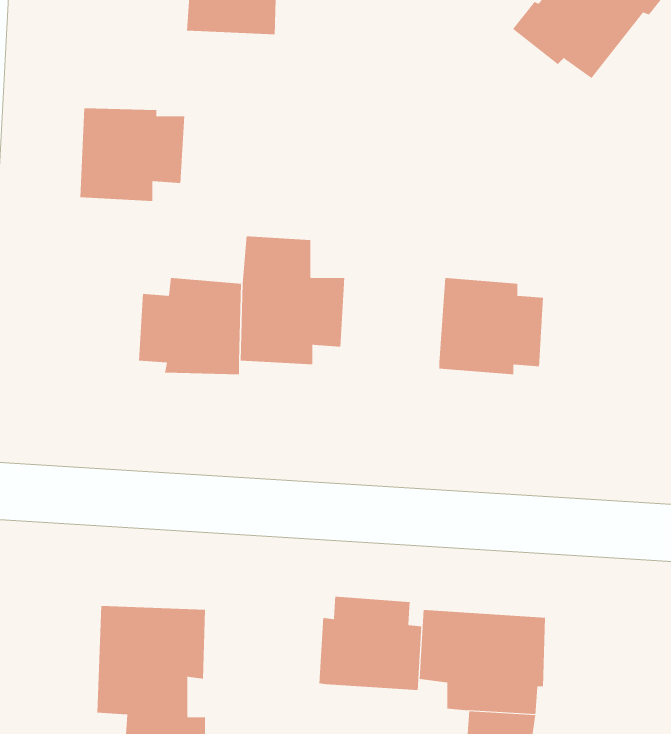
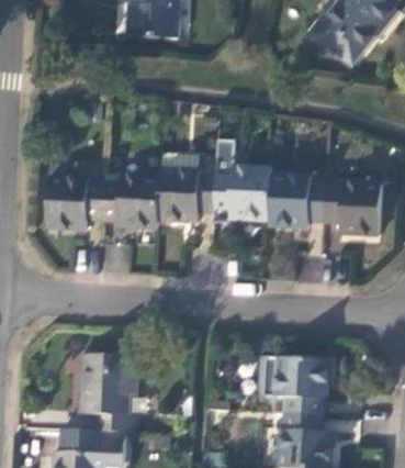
building: [80,108,185,201] -> [46,178,104,230]
building: none -> [214,167,271,221]
building: none -> [324,182,382,236]
building: [319,596,422,691] -> none

